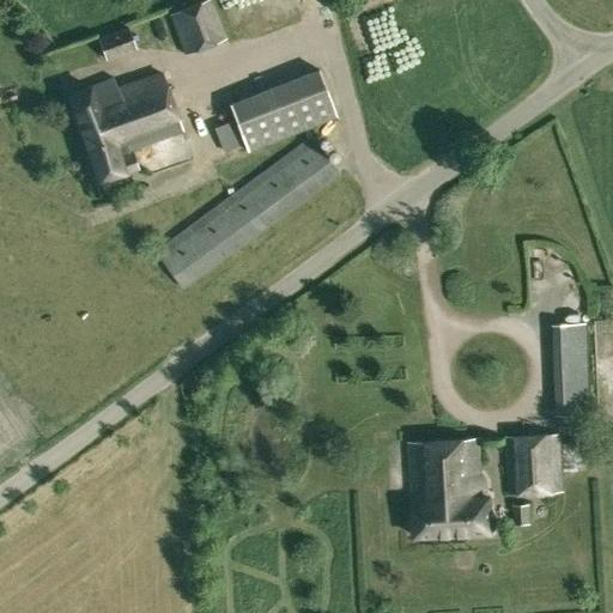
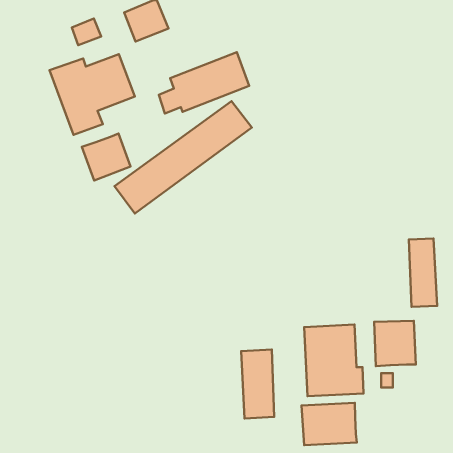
building: none -> [82,134,131,180]
building: none -> [241,350,274,419]
building: none -> [301,403,357,445]

